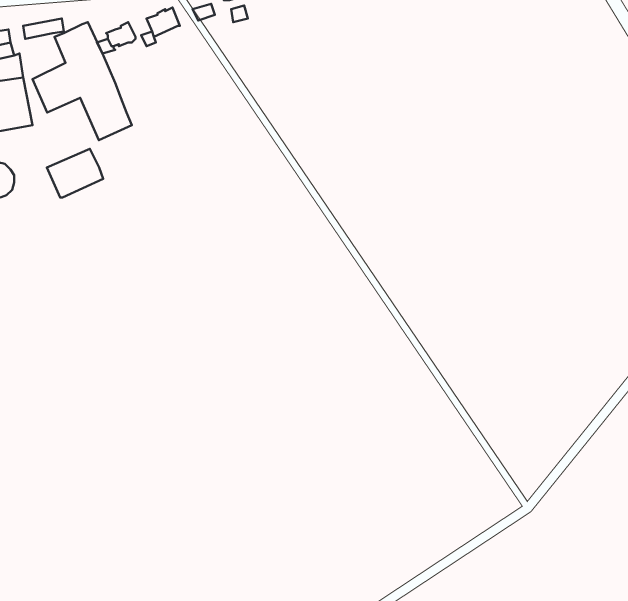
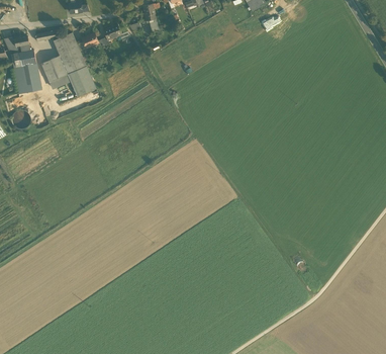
building: [47,149,103,198] -> none

